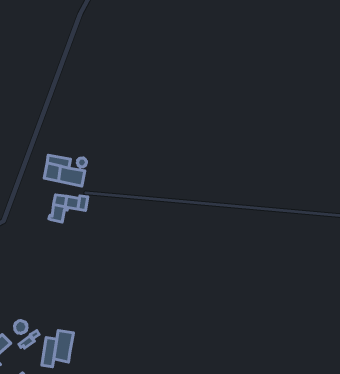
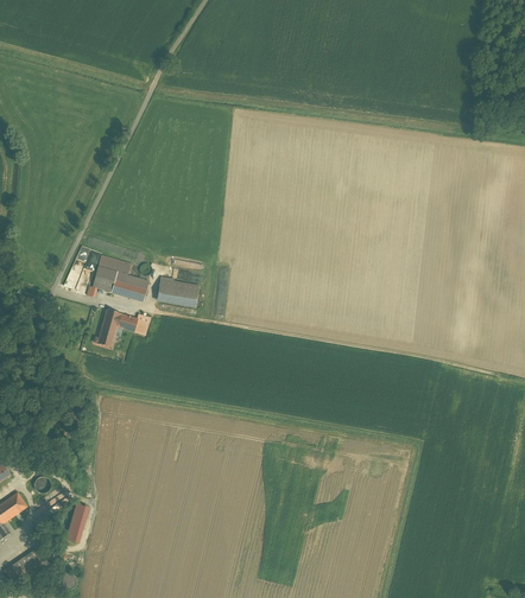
building: none -> [157,276,198,306]
building: [54,330,73,362] -> none

